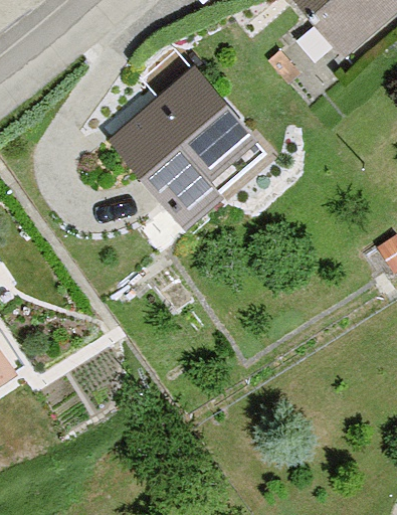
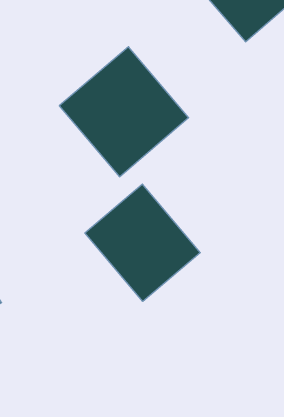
building: none -> [85,184,200,301]

